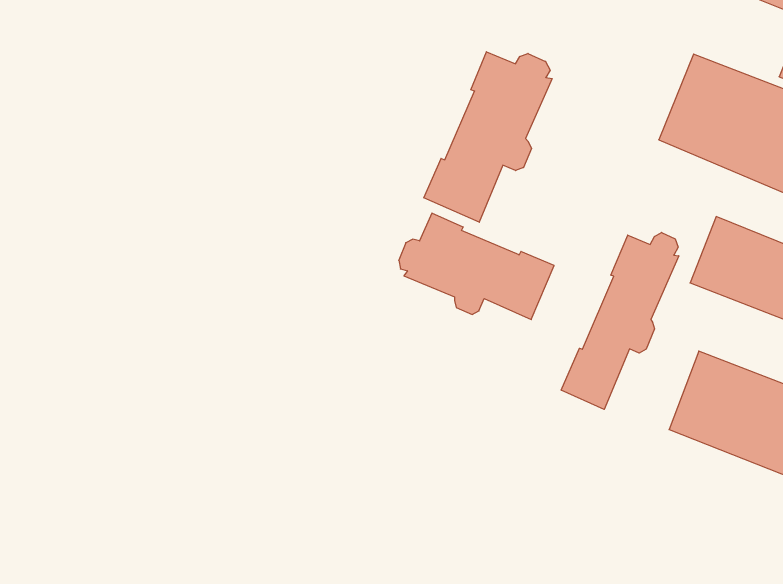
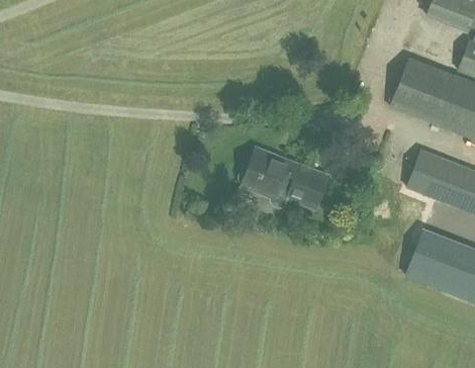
building: [424,52,552,222] -> none
building: [561,232,679,409] -> none

